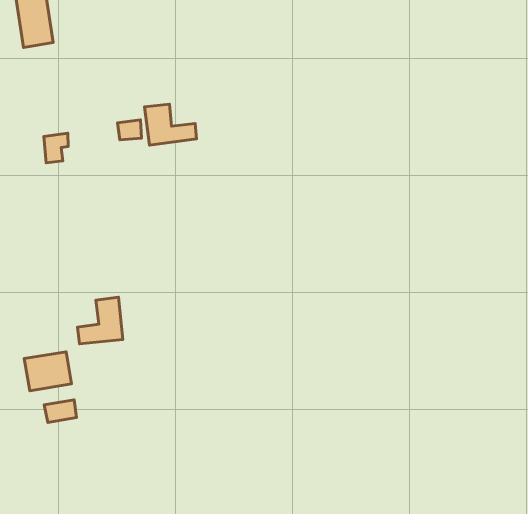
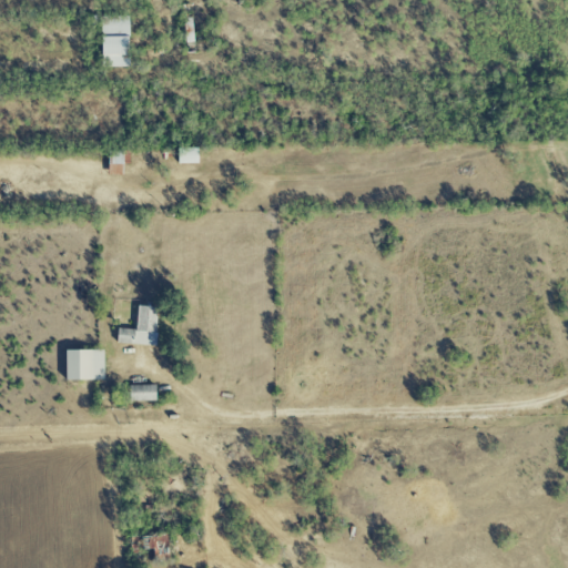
building: [145,104,197,145] -> none
building: [44,400,76,423] -> [130,383,158,400]

